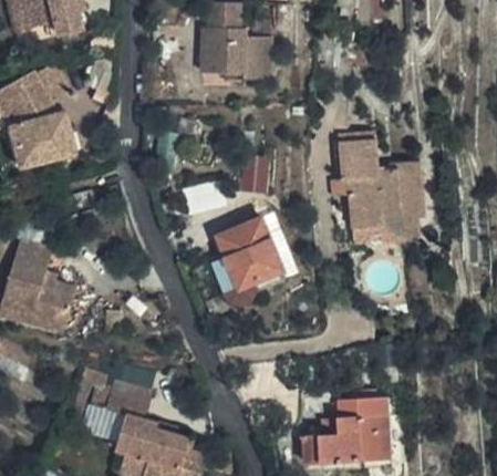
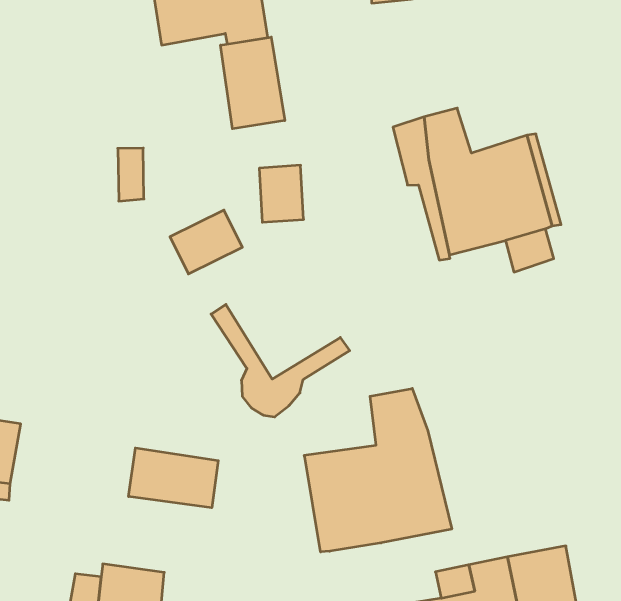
building: none -> [221,37,285,129]
building: [214,214,280,283] -> none
building: none -> [304,388,452,552]
building: none -> [129,448,218,508]

